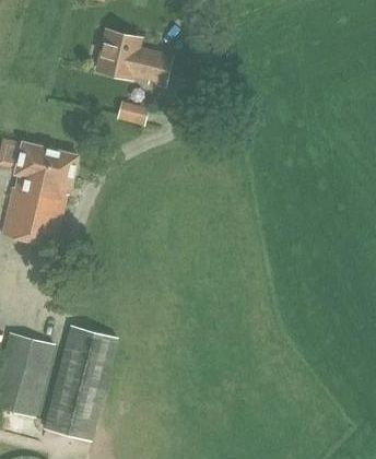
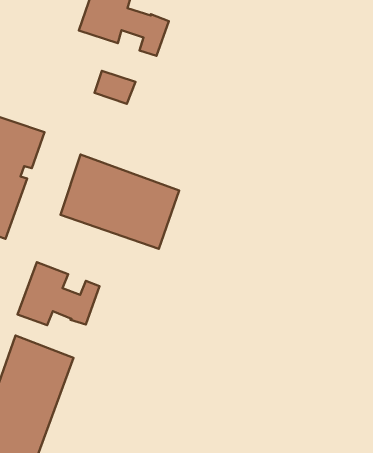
building: none -> [61,154,179,249]
building: none -> [17,262,99,325]

